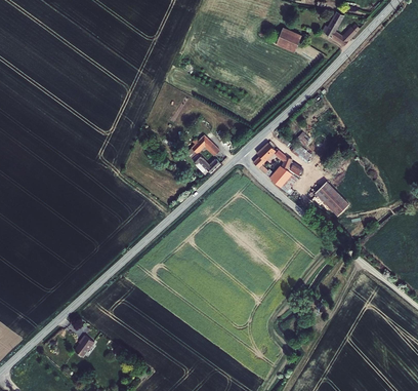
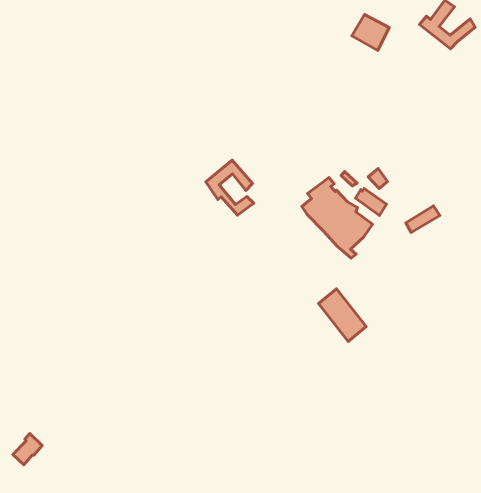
building: [316,180,349,214] -> [319,289,366,341]

